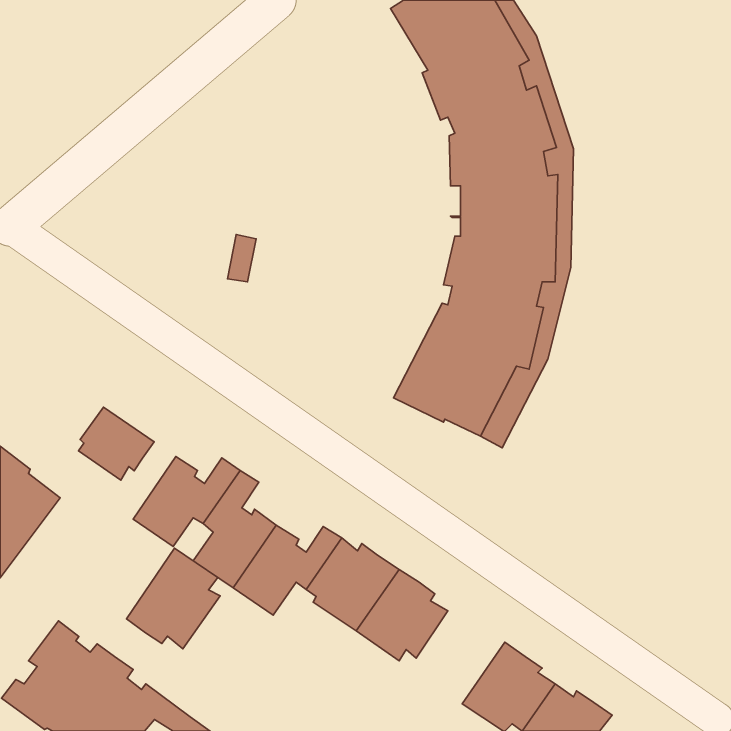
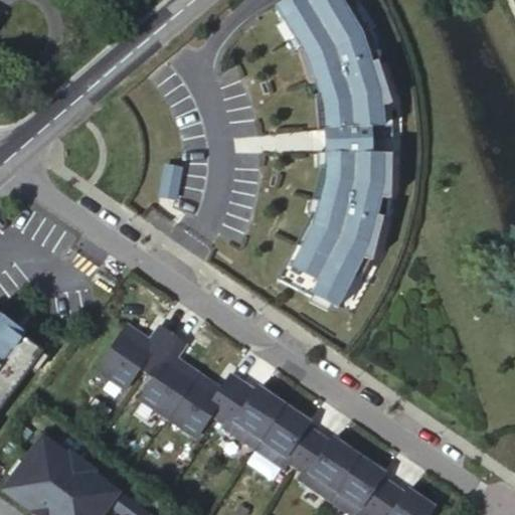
building: [79,407,154,480] -> none
building: [126,548,220,649] -> none
building: none -> [293,430,355,495]

